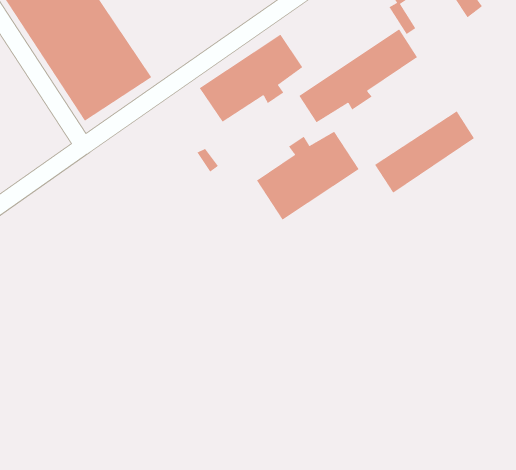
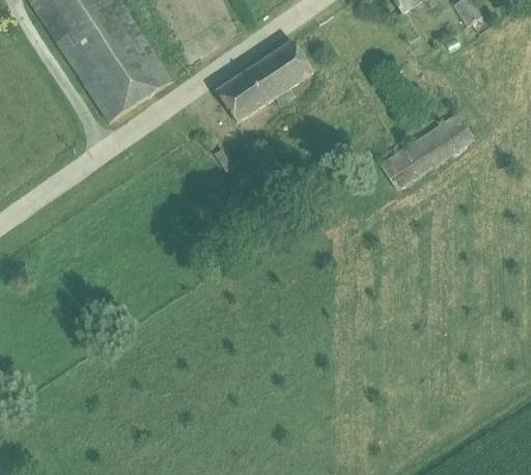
building: [298,29,418,123] -> none
building: [256,131,359,220] -> none

